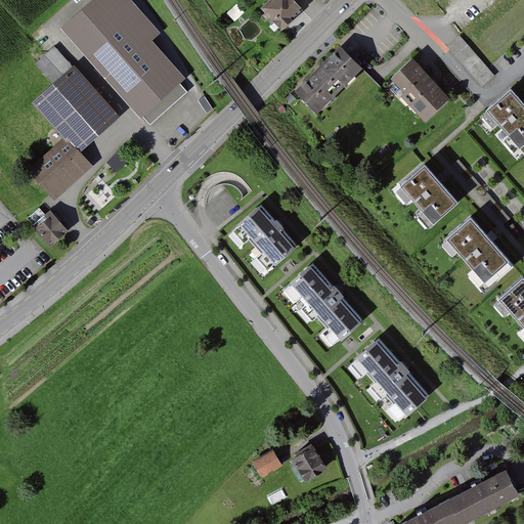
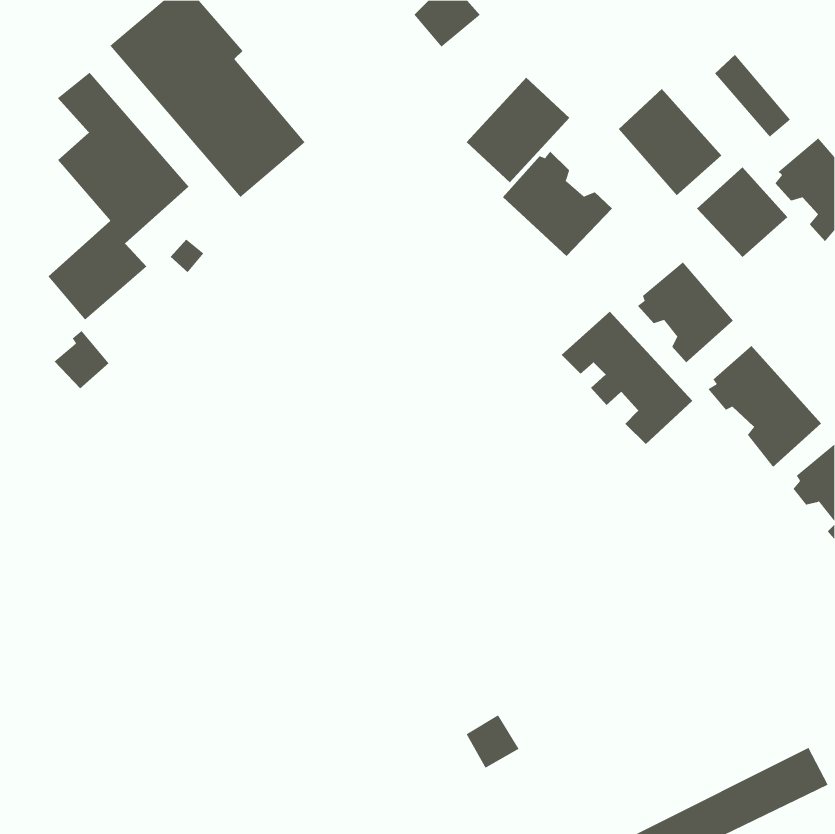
building: none -> [502,151,613,257]
building: none -> [696,166,788,258]
building: [231,201,299,269] -> none
building: [281,261,364,345] -> [561,311,693,445]
building: [349,336,432,421] -> none
building: [255,449,281,476] -> none

